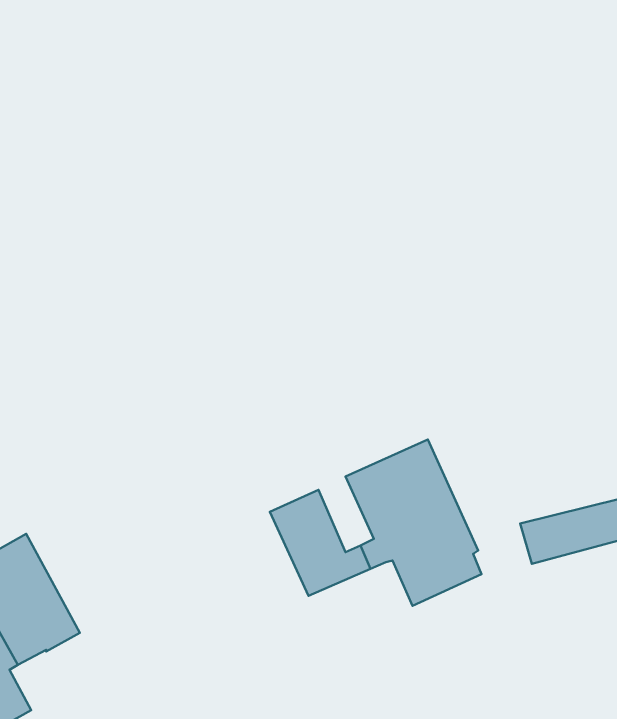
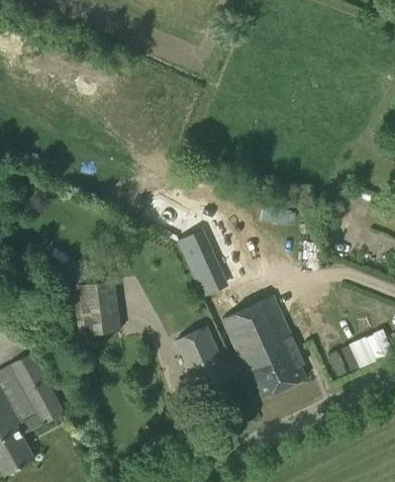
building: none -> [178,231,224,294]
building: none -> [72,278,121,335]

